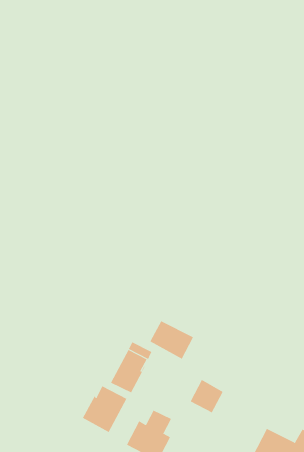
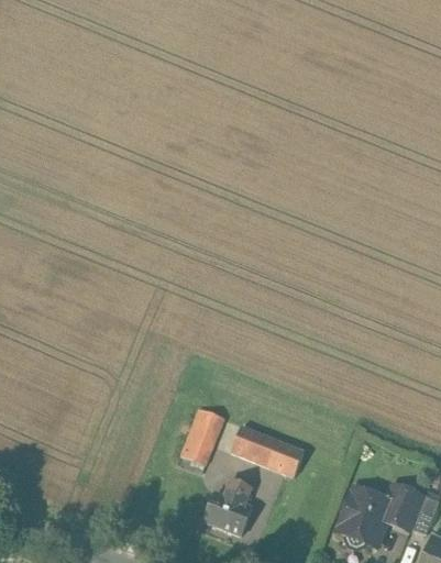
building: [149,320,194,359] -> [231,427,278,466]
building: [82,385,127,433] -> none

